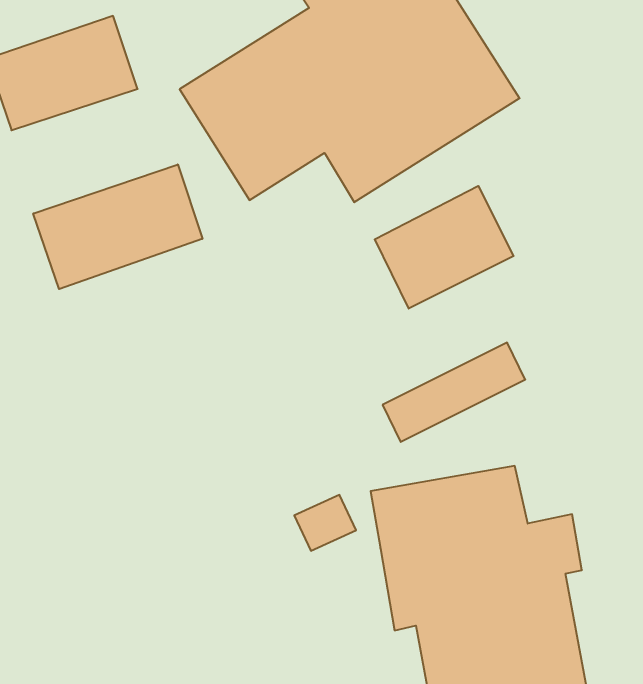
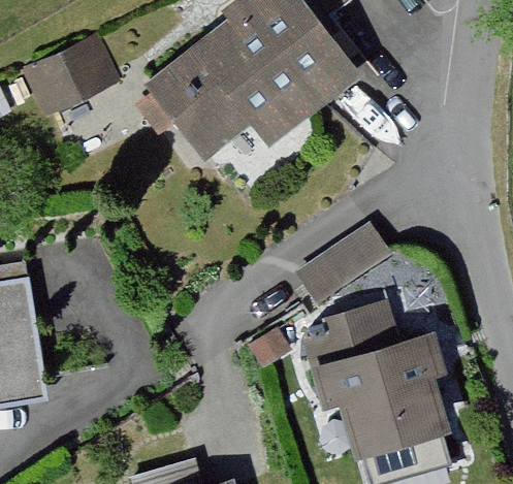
building: [33,164,202,289] -> none
building: [375,186,514,309] -> none

